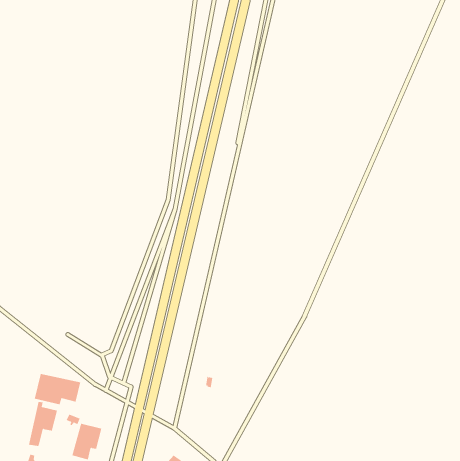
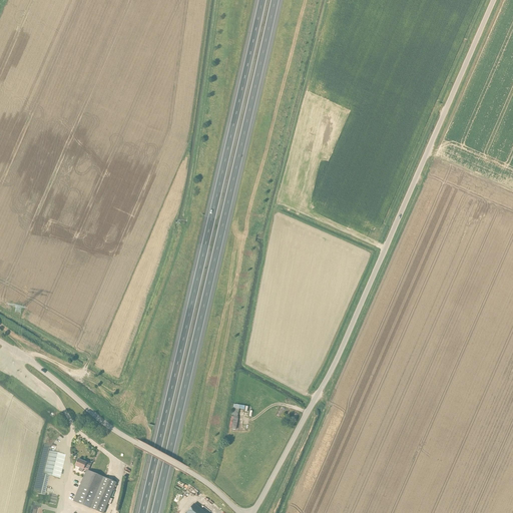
building: [34,373,81,405] -> none

